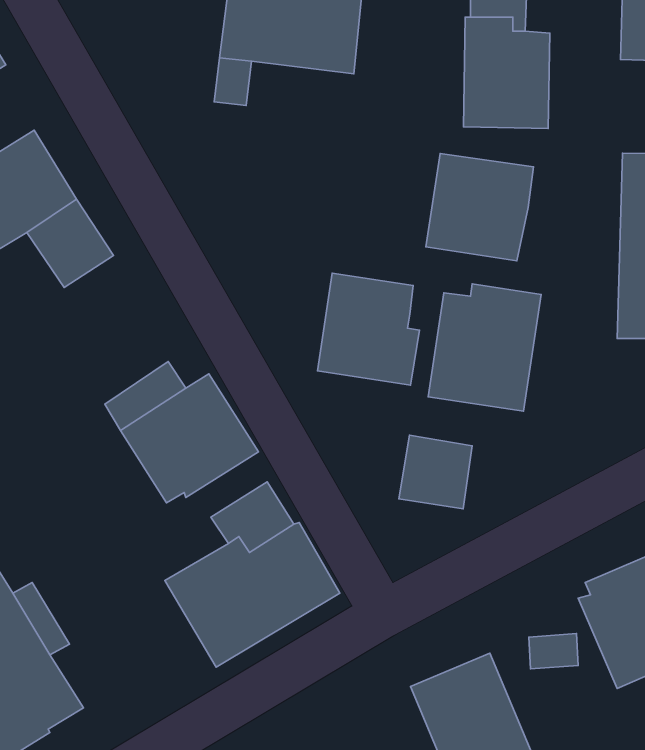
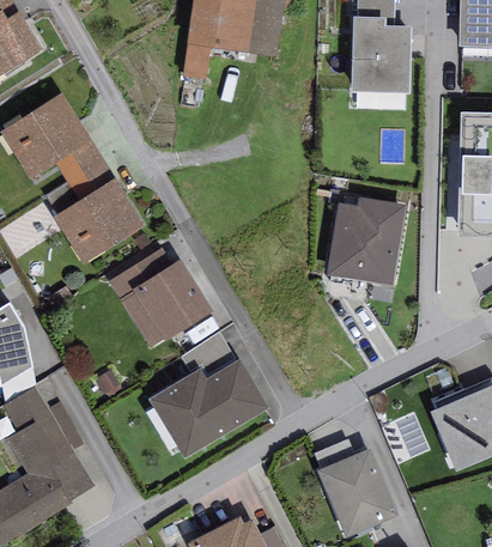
building: [426,154,533,261] -> none
building: none -> [55,178,144,262]
building: [317,273,420,385] -> none
building: [399,435,472,509] -> none

